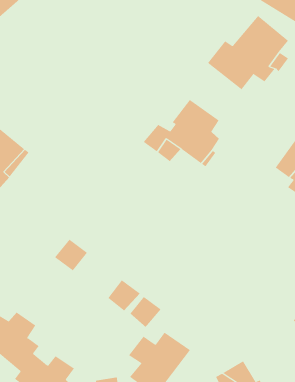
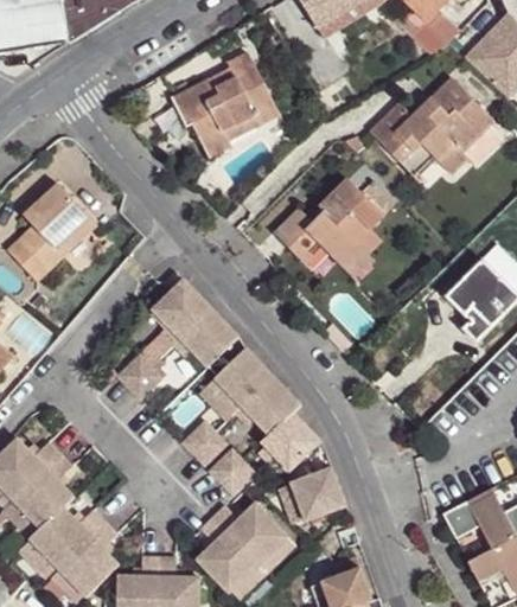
building: none -> [166,55,277,161]
building: none -> [151,276,237,363]
building: none -> [215,349,323,471]
building: none -> [292,467,346,522]

